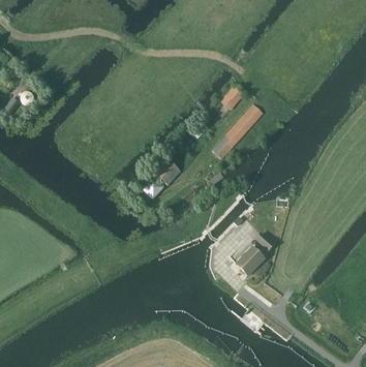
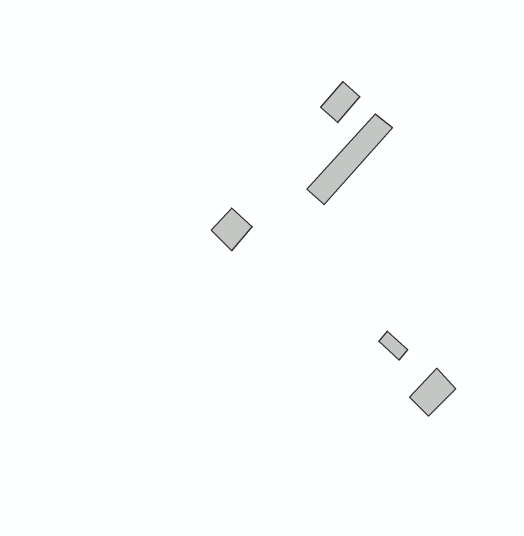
building: [236,247,264,276] -> [410,368,456,416]

